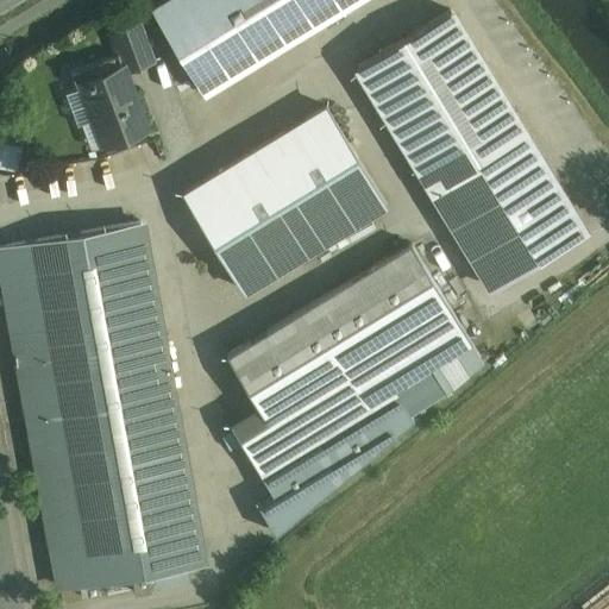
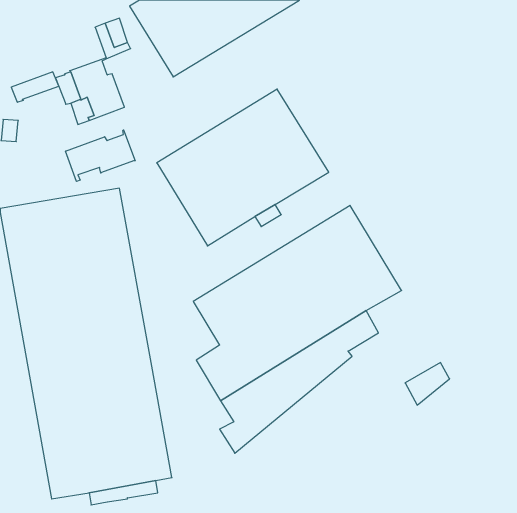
building: [358,14,585,291] -> none
building: [69,56,125,92] -> [11,72,59,102]
building: none -> [66,130,135,181]
building: [431,346,483,396] -> [405,363,450,405]

